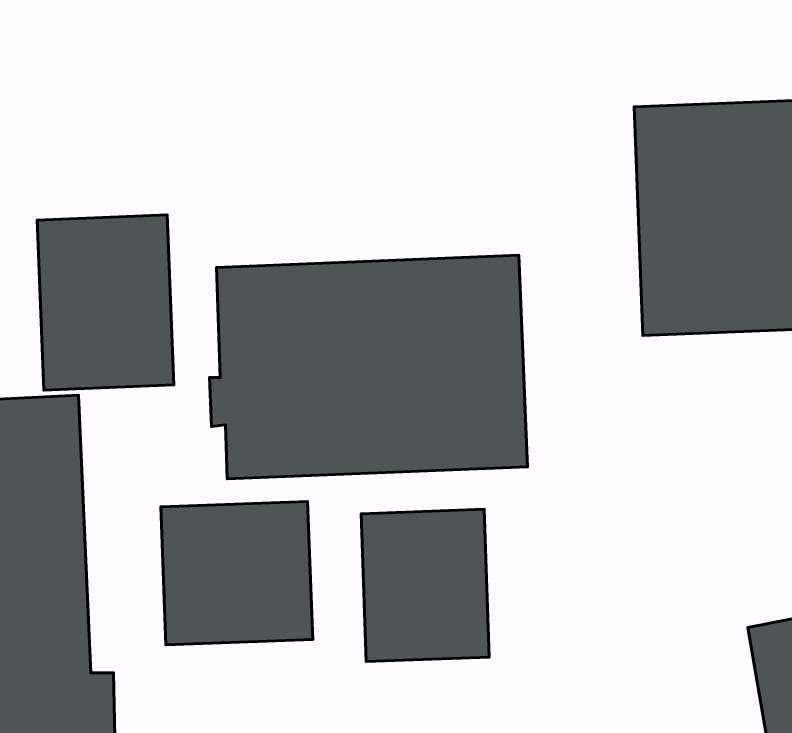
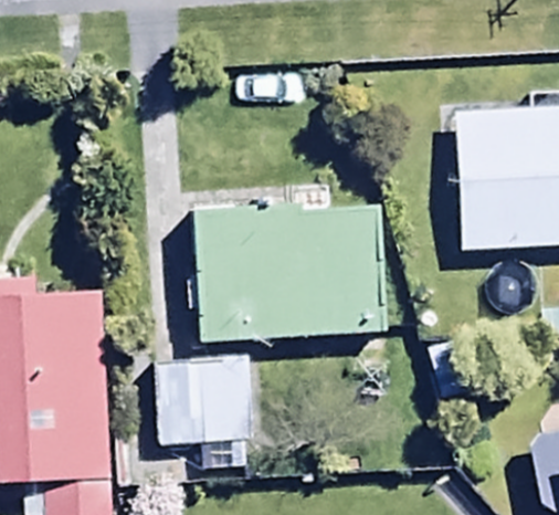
building: [37,215,174,390] -> none
building: [361,509,489,662] -> none

